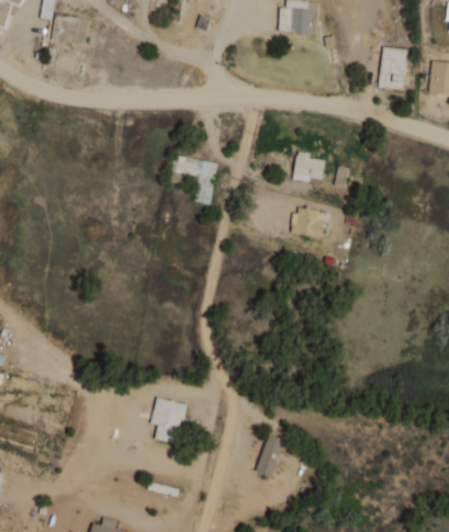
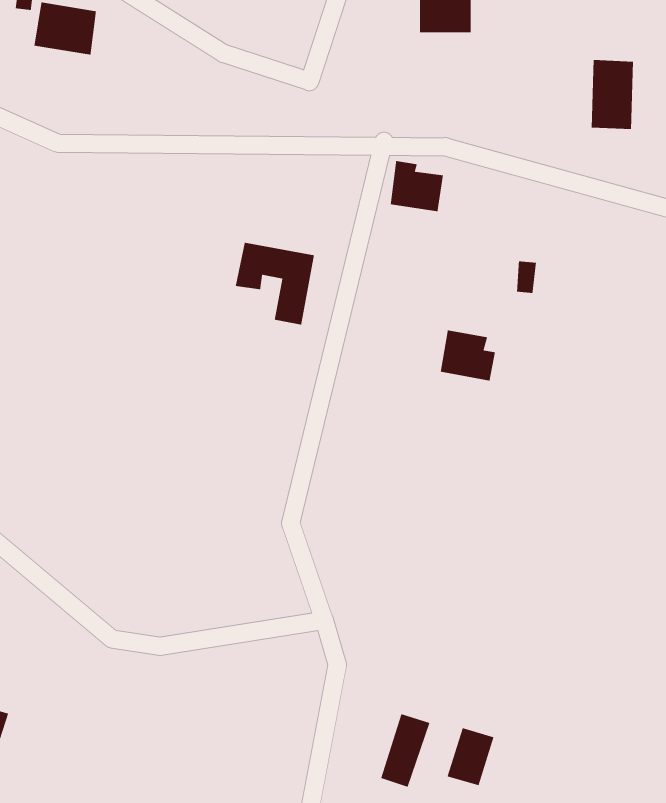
building: [293,151,325,182] -> [390,160,444,212]
building: [150,397,186,444] -> none
building: none -> [446,727,495,786]

